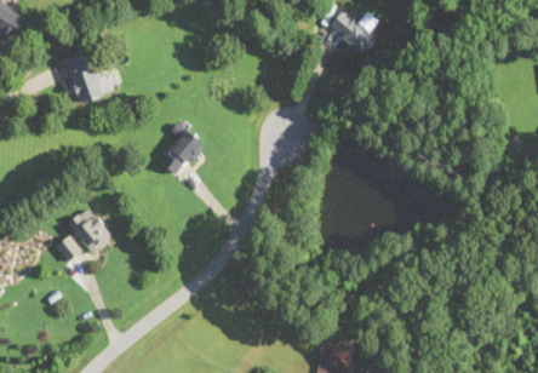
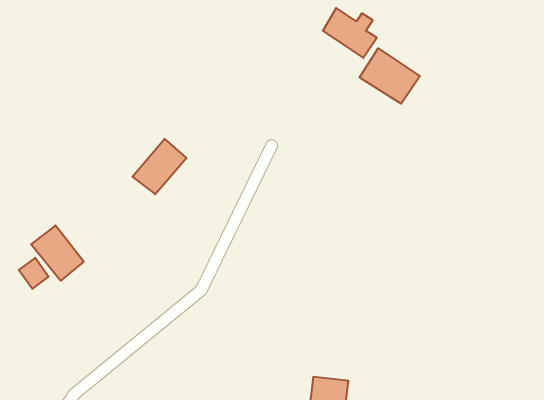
building: none -> [360,48,420,104]
building: [63,51,104,104] -> none

